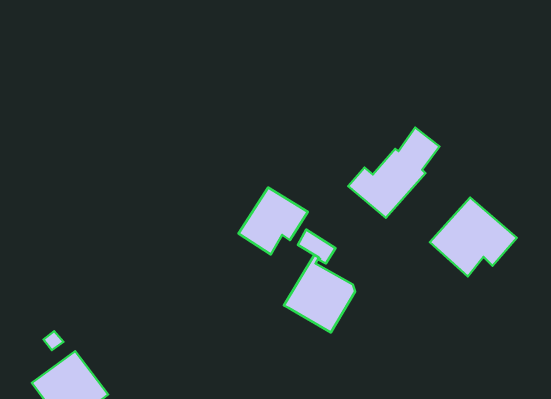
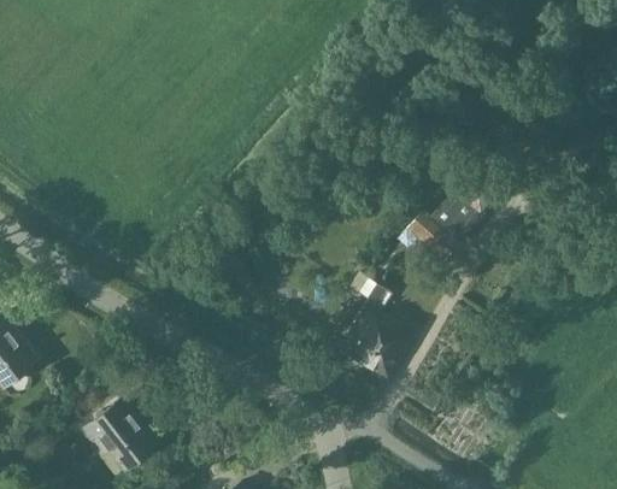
building: [239,188,308,254] -> none
building: [430,197,517,276] -> none

